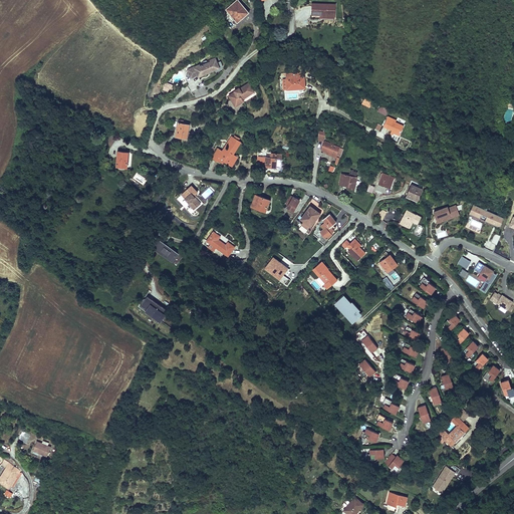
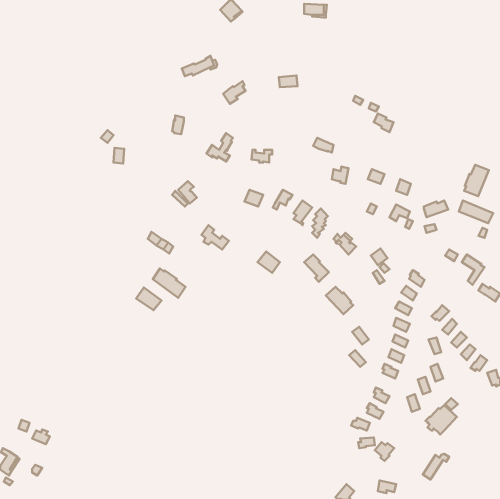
building: none -> [464,165,489,196]
building: none -> [153,269,186,298]

